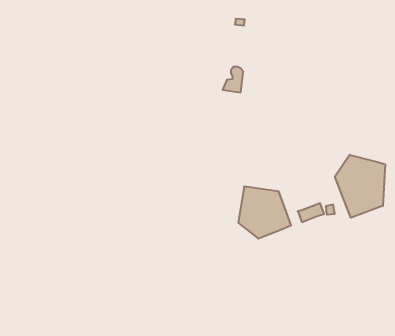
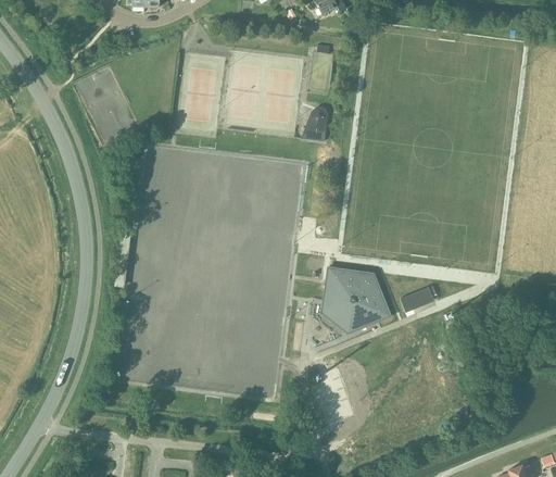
building: [335,155,385,218] -> none

